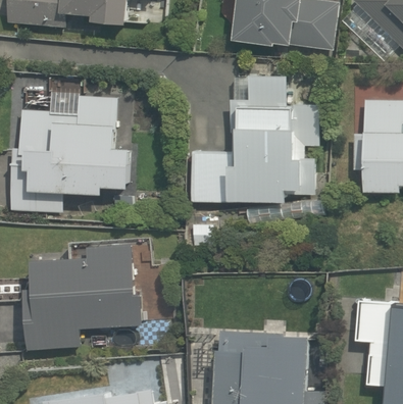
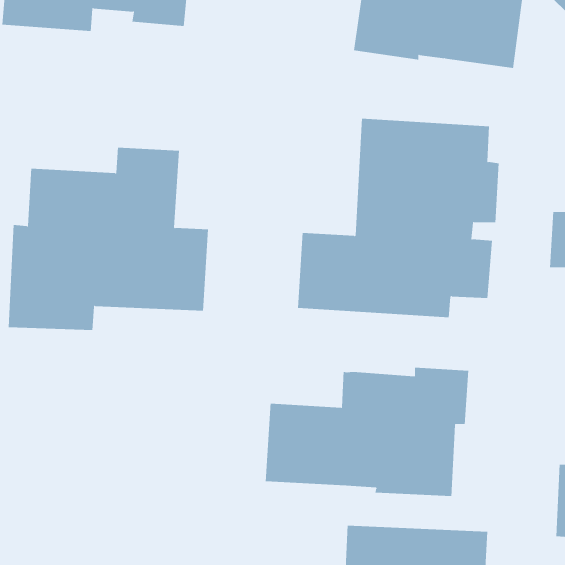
building: none -> [265,367,469,497]
building: [21,250,142,352] -> none

